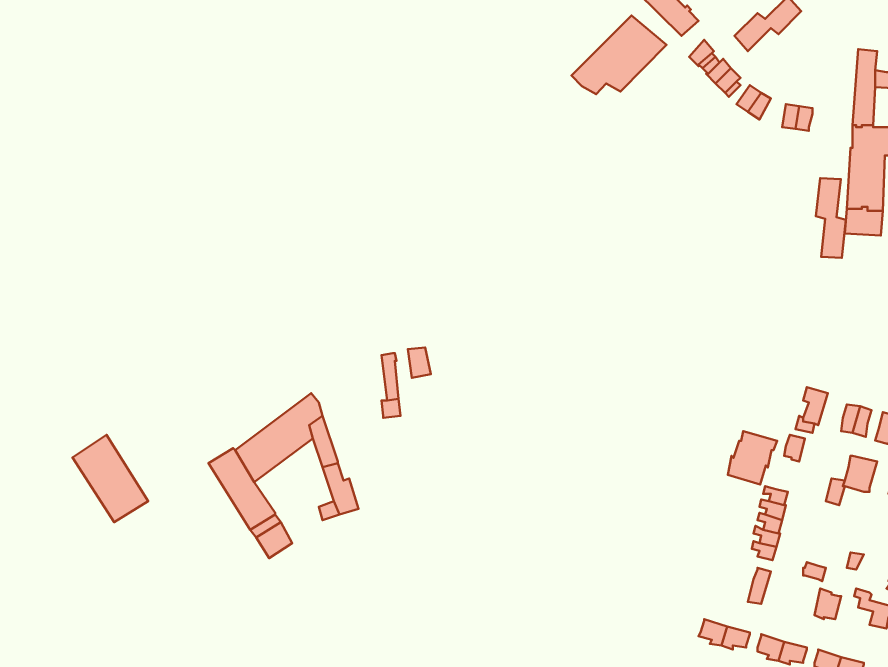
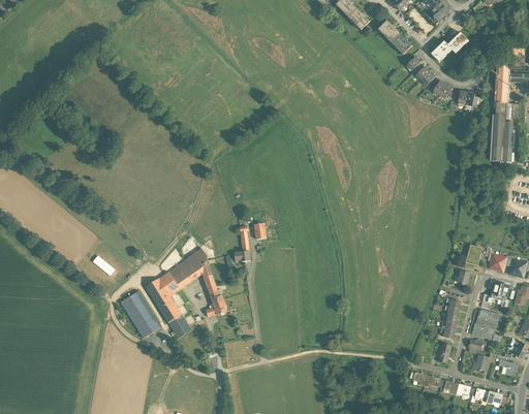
building: [572,15,666,94] -> none
building: [816,178,846,258] -> none
building: [728,431,777,484] -> [472,309,499,338]
building: [72,435,148,522] -> [120,289,161,337]

